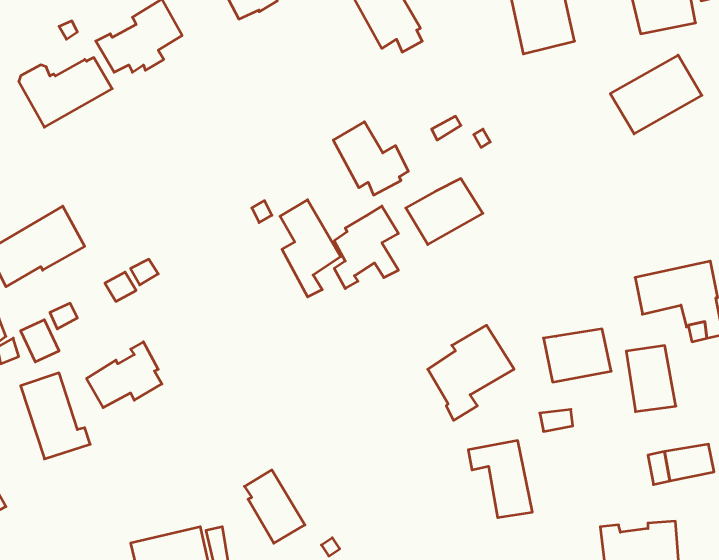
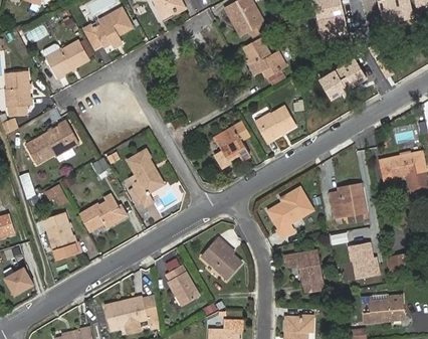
building: [610,55,702,134] -> [317,58,368,102]
building: [333,122,408,195] -> [243,37,284,77]
building: [280,200,341,297] -> [129,152,162,205]
building: [626,346,676,412] -> [350,242,377,279]
building: none -> [202,238,241,279]

